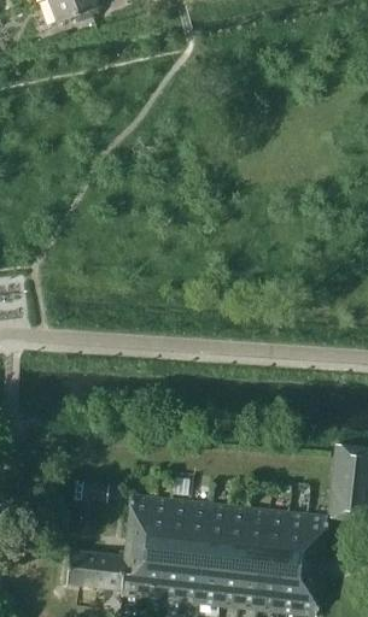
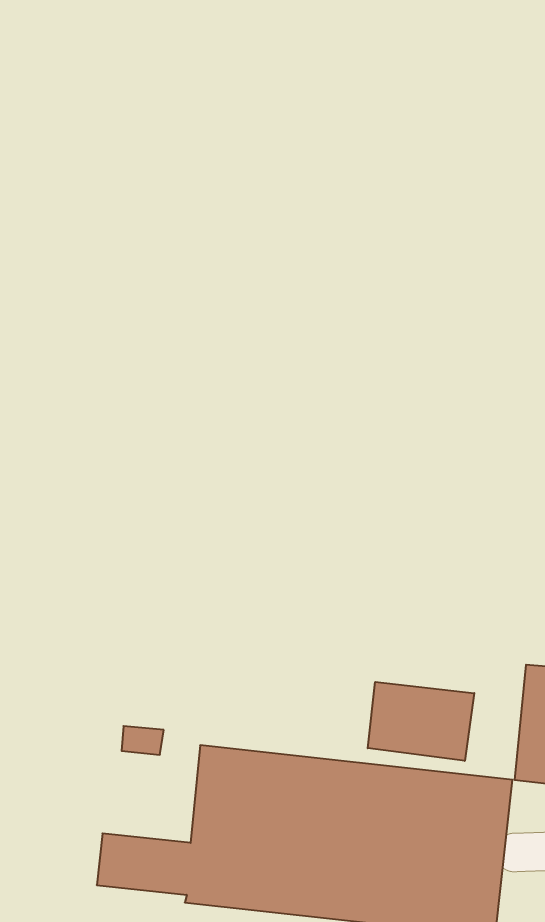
building: none -> [368,682,474,761]

